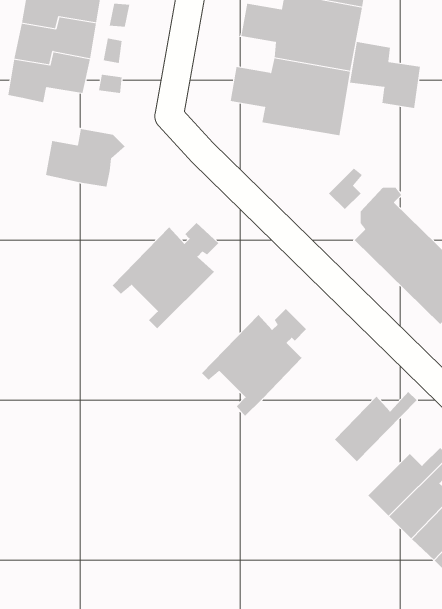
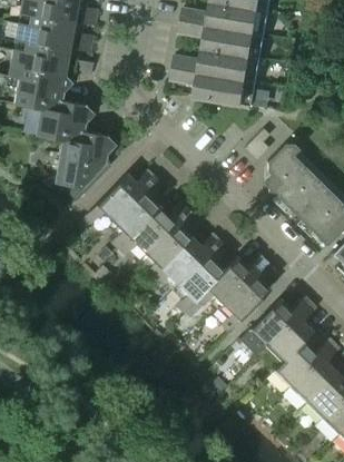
building: [349,41,420,109] -> none
building: none -> [14,70,73,112]
building: none -> [56,131,117,200]
building: none -> [119,201,197,281]
building: none -> [197,252,274,332]
building: none -> [266,301,317,371]

